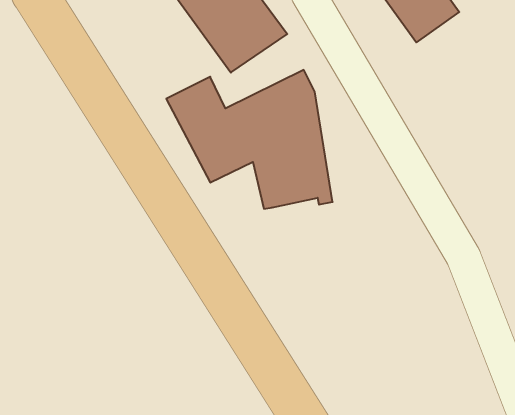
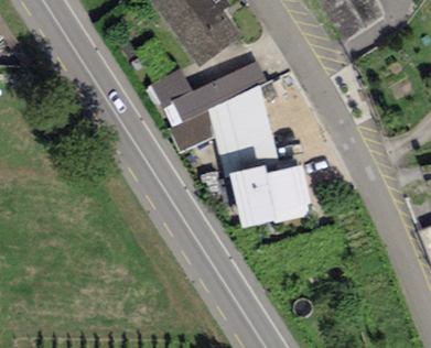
building: none -> [229,161,312,225]

